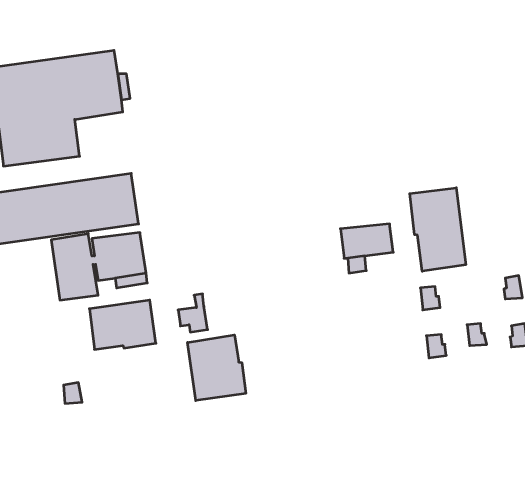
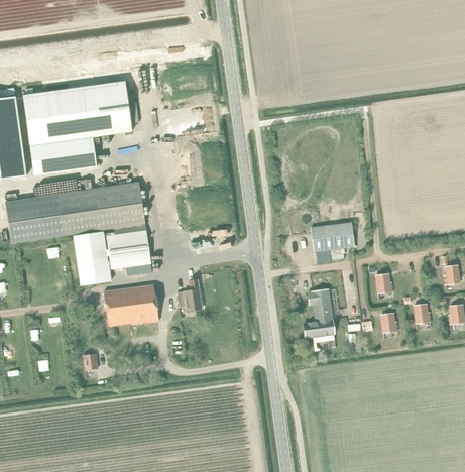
building: [410,188,466,271] -> none
building: none -> [304,288,333,341]
building: [188,335,246,401] -> none

